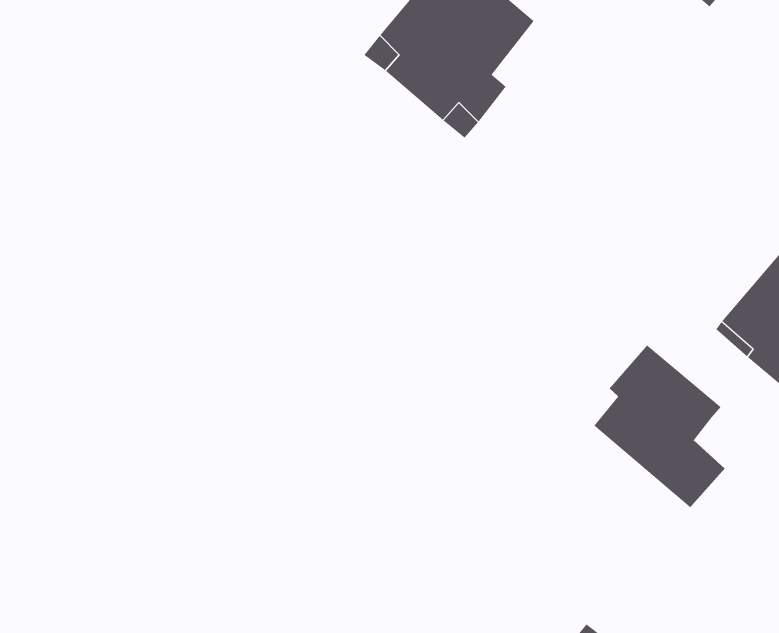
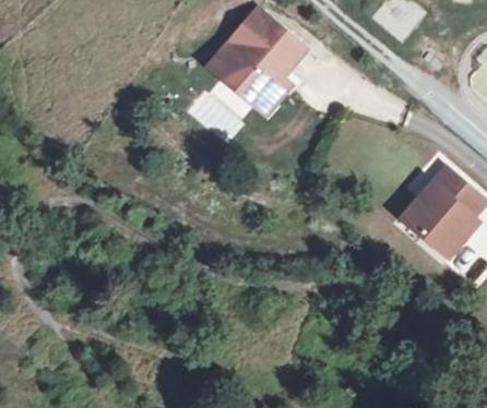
building: [593,345,725,508] -> none

